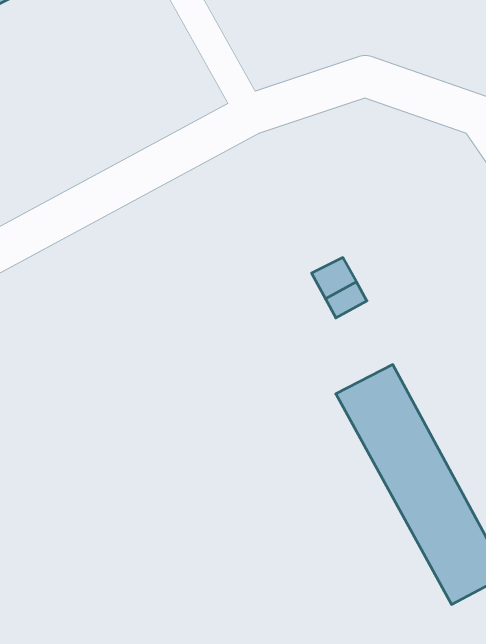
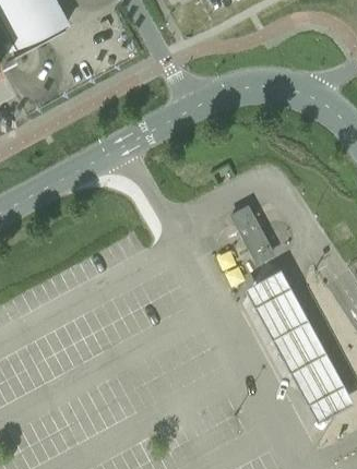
building: none -> [245,228,276,262]

